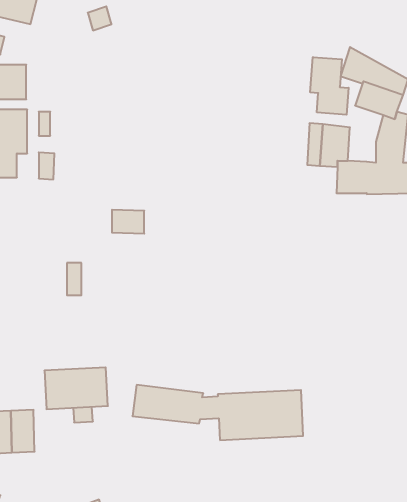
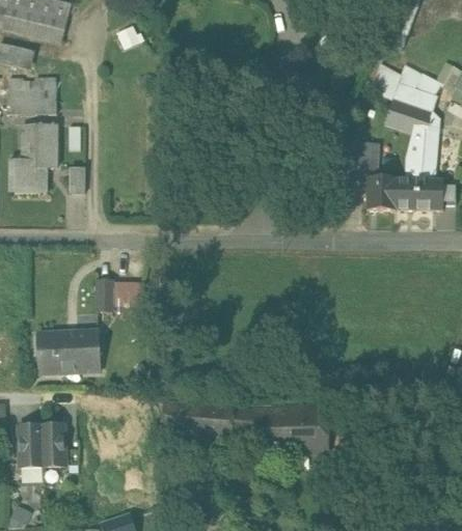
building: [310,57,349,115] -> none
building: [112,210,144,234] -> [111,279,143,303]
building: [44,367,108,409] -> [36,330,100,371]

